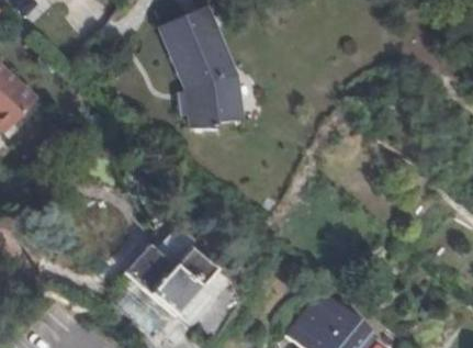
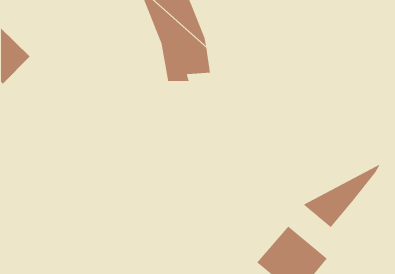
building: none -> [302,163,382,228]
building: [122,245,212,326] -> none

